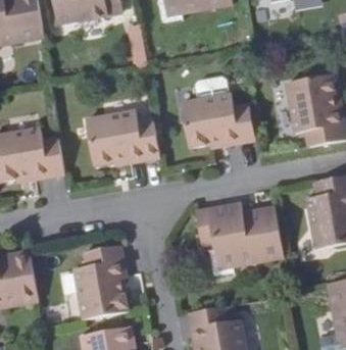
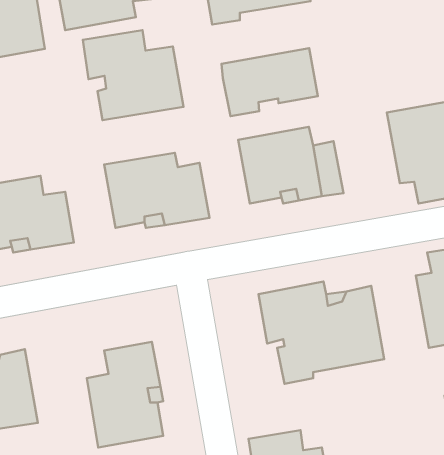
building: none -> [83,30,184,120]
building: none -> [222,48,318,116]

